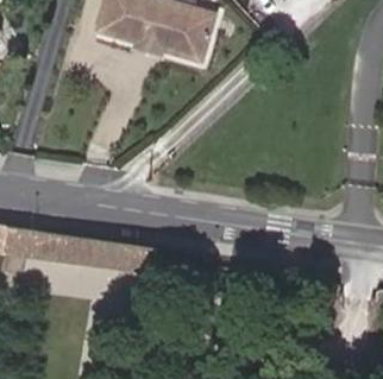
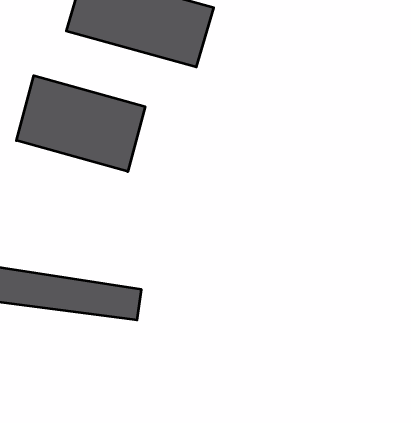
building: none -> [16,76,145,172]

